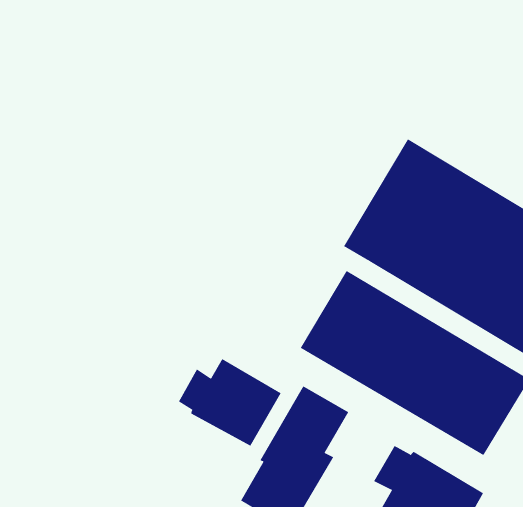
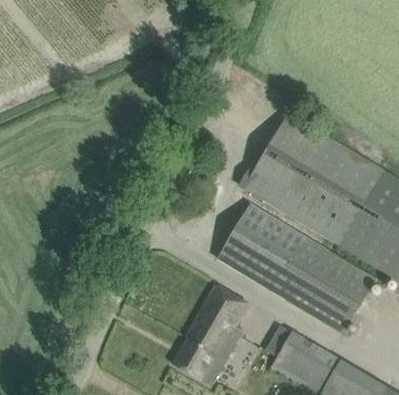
building: [178,358,281,446] -> none

